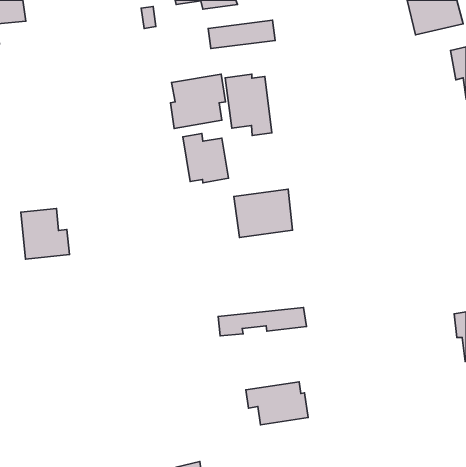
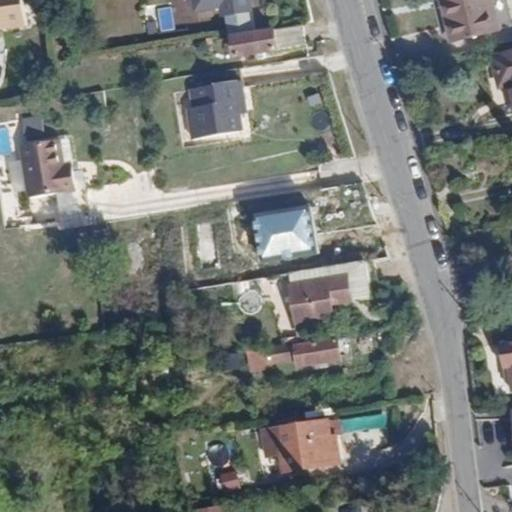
building: [225,74,272,135] -> none
building: [183,133,229,183] -> none
building: [21,209,69,259] -> [17,137,70,192]
building: none -> [289,257,366,319]

